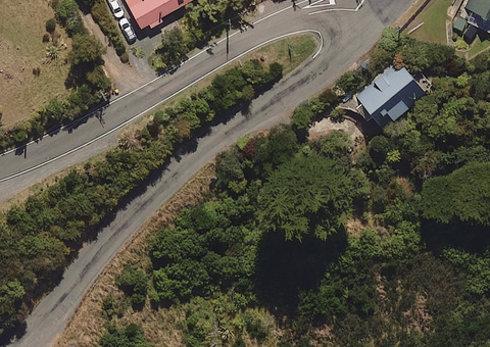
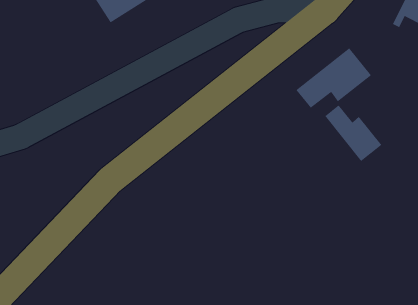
building: none -> [325,105,382,162]

